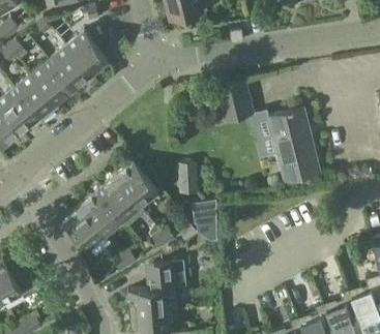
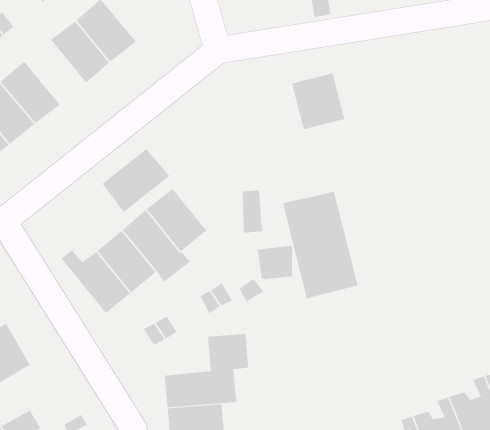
building: [31,60,74,104] -> none
building: [268,109,321,183] -> [282,191,359,299]
building: none -> [102,148,170,213]

